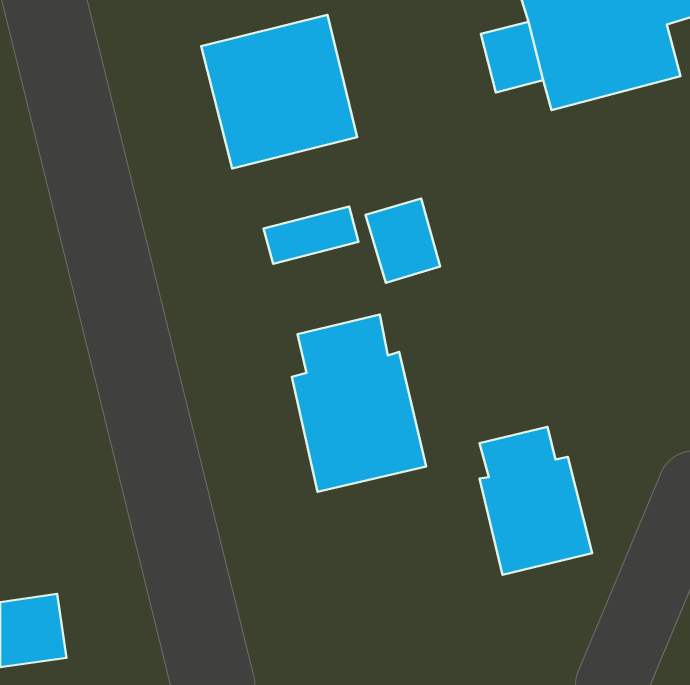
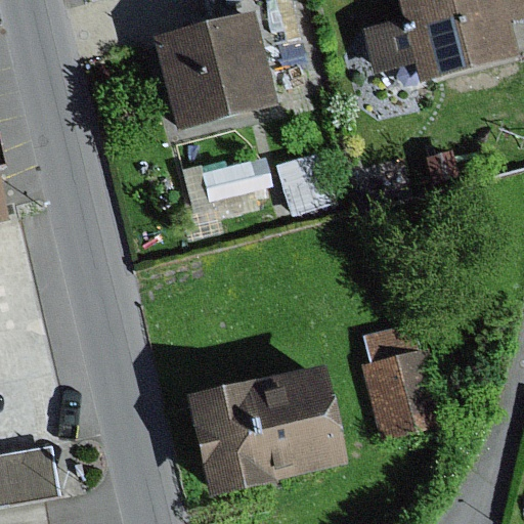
building: [292,315,426,492] -> none
building: none -> [186,365,345,495]

